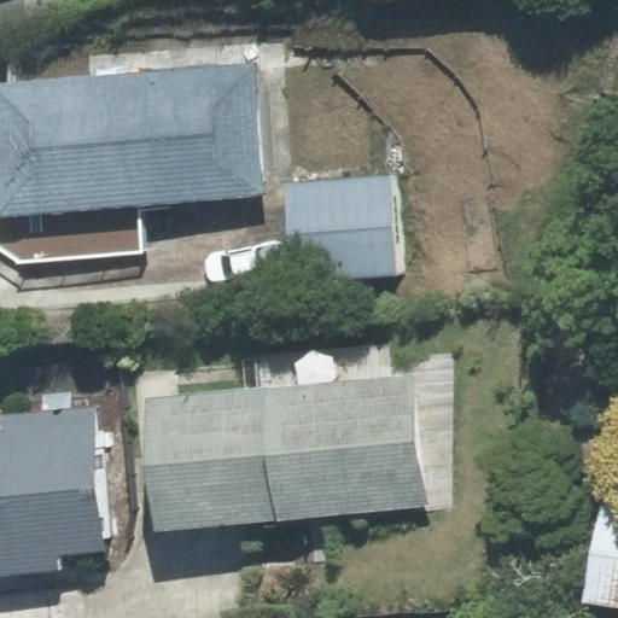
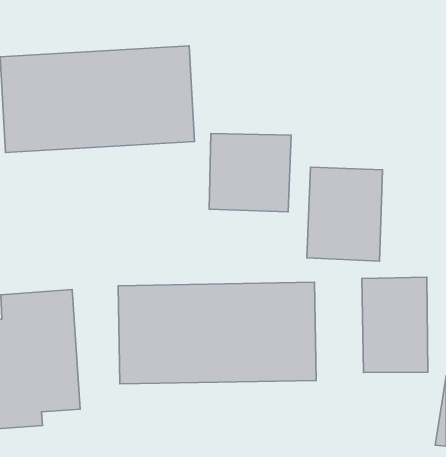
building: none -> [307,167,383,261]
building: none -> [362,277,428,372]

